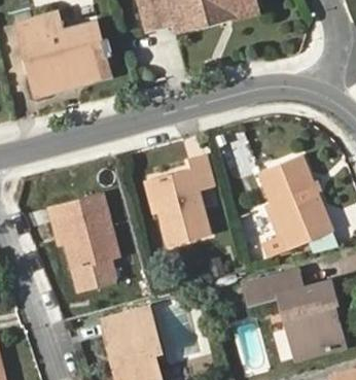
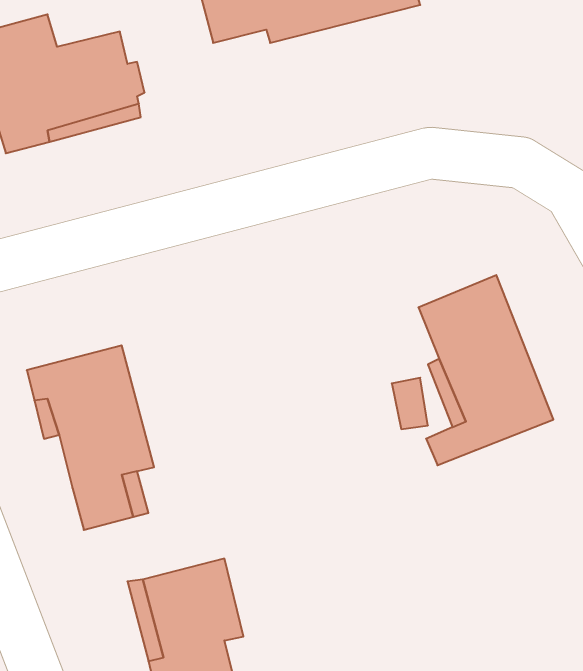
building: [148,156,212,245] -> none
building: [248,273,342,360] -> none

